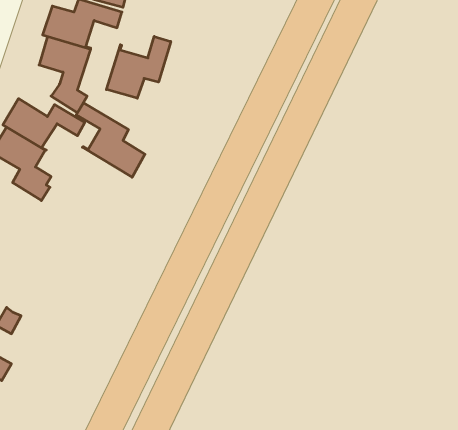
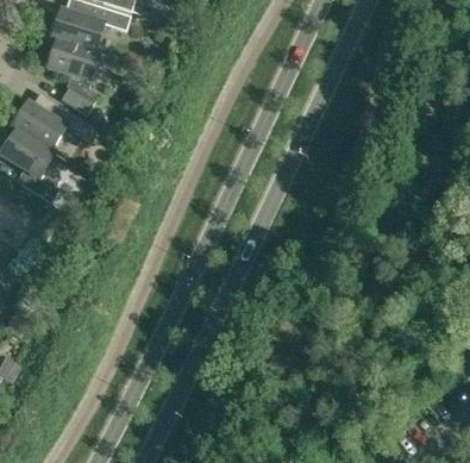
building: [106,36,171,98] -> none
building: [76,103,145,177] -> none

